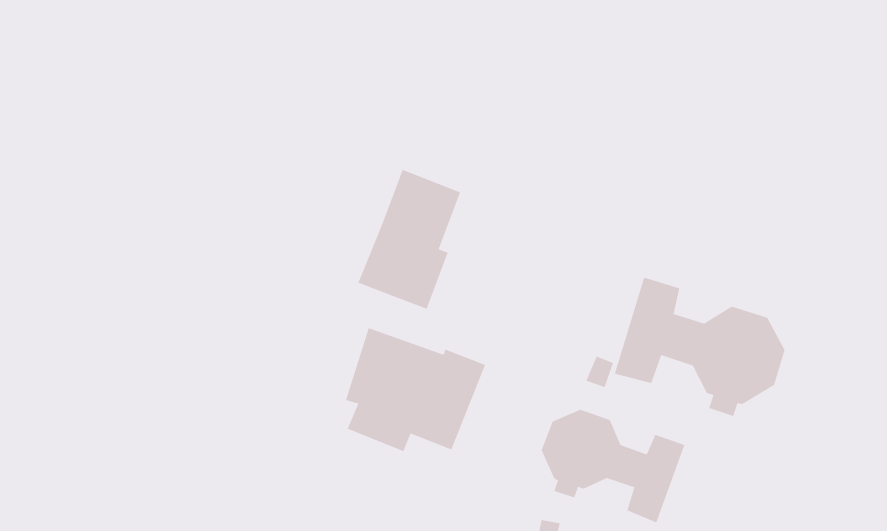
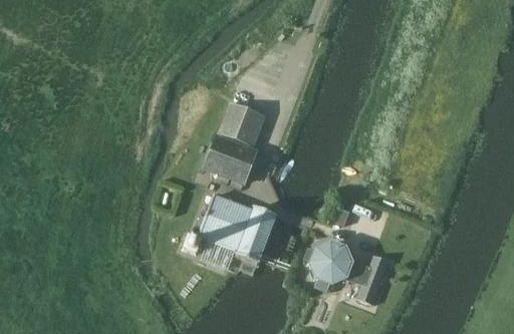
building: [614,277,785,417] -> none

